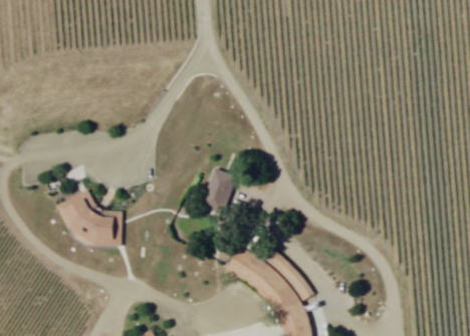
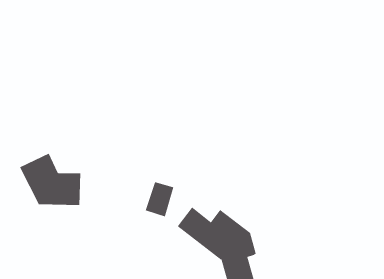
building: [203,169,234,207] -> [145,182,174,217]

